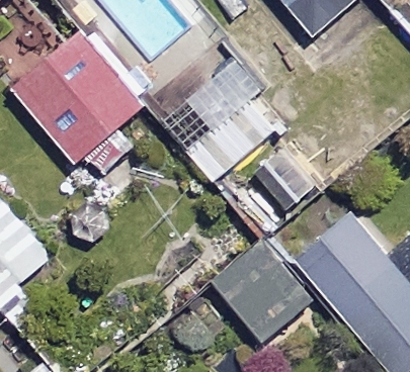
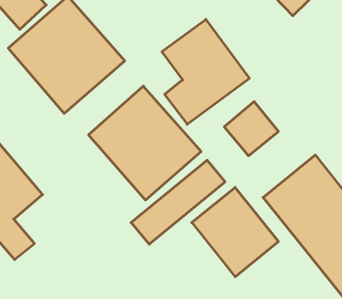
building: none -> [89,86,201,200]

